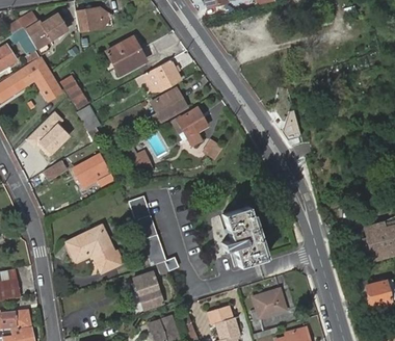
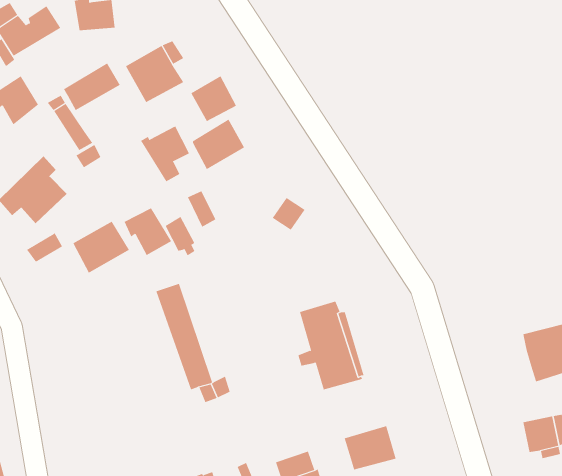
building: none -> [63,63,121,111]
building: [176,107,208,145] -> [140,125,190,182]
building: none -> [124,207,172,256]
building: [67,226,123,271] -> none
building: [133,270,163,308] -> none

